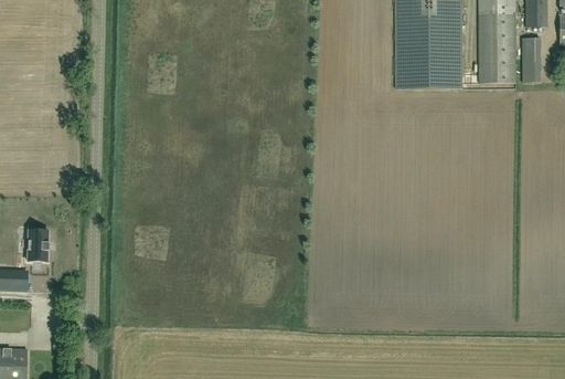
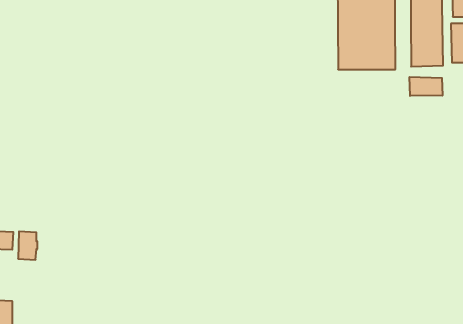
building: none -> [410,77,442,96]
building: [26,229,49,261] -> [18,231,37,260]

